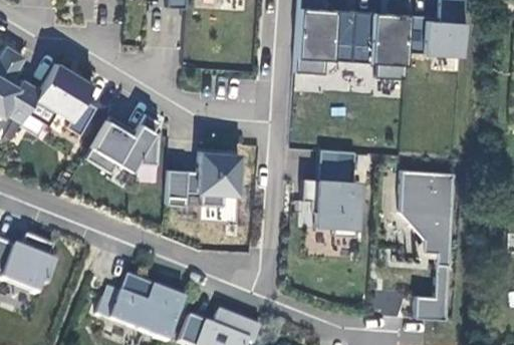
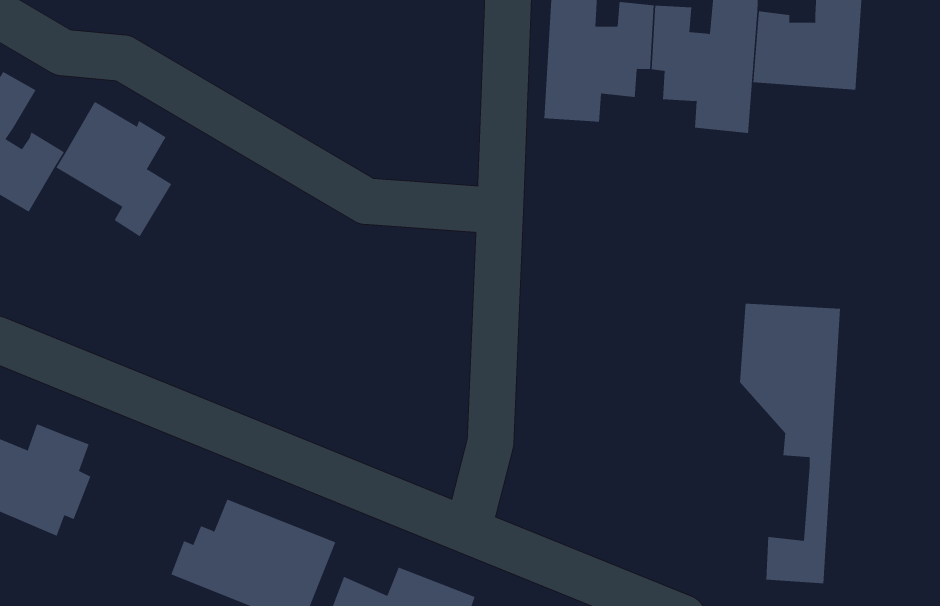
building: [85,112,162,171] -> none
building: [302,148,359,236] -> none
building: [167,150,241,205] -> none

